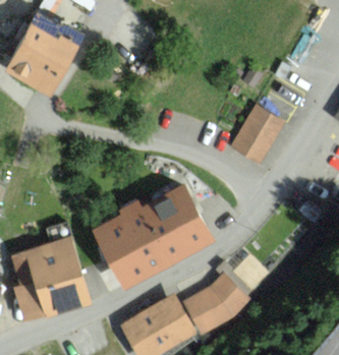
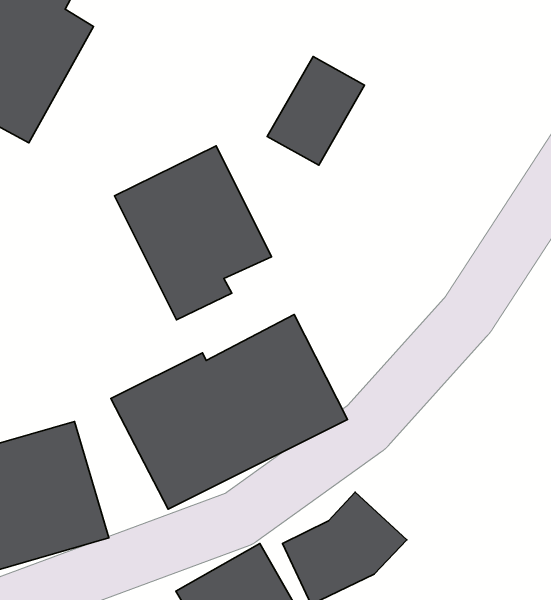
building: none -> [114,146,272,320]
building: [230,108,282,166] -> [267,56,365,165]

